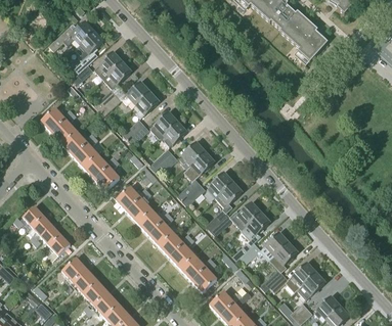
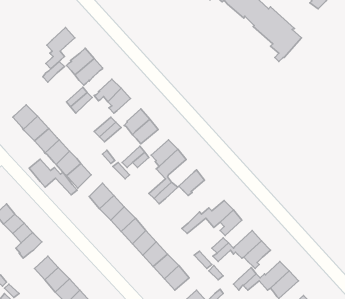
building: [48,21,93,50] -> none
building: none -> [29,159,77,195]
building: [205,182,241,230] -> none

